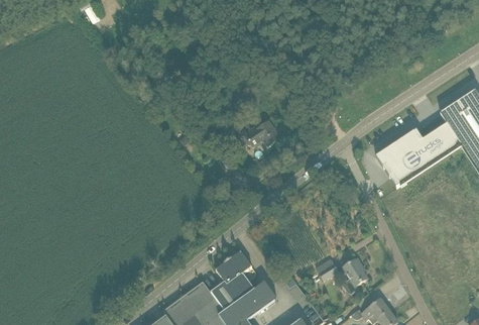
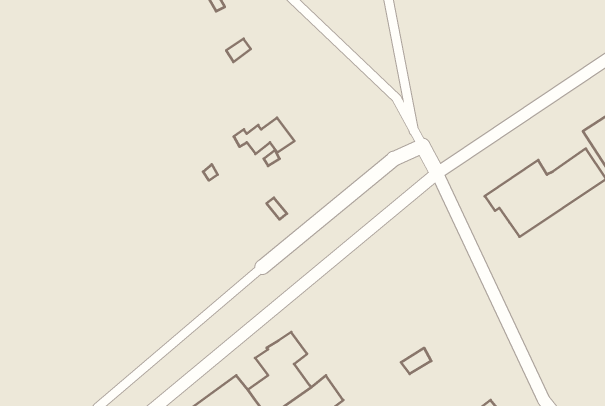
building: [237,120,279,145] -> [234,118,294,154]
building: [341,257,367,293] -> none

